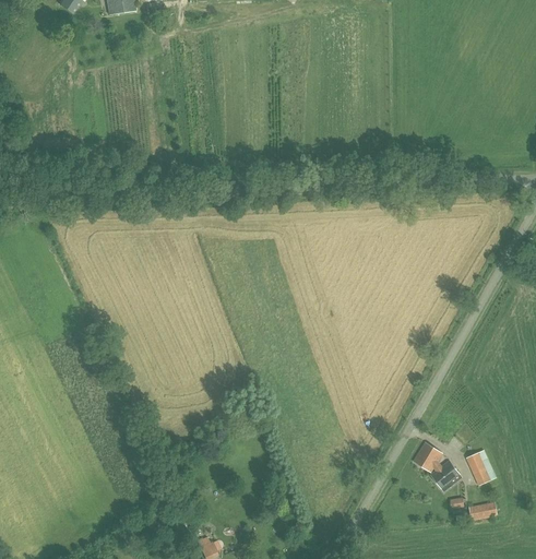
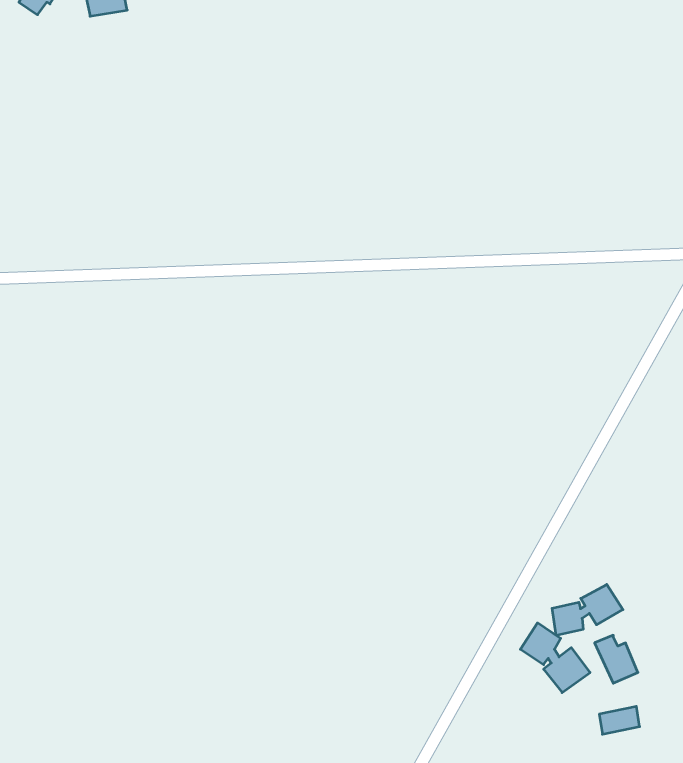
building: none -> [552,584,623,635]

